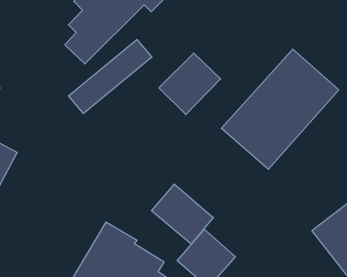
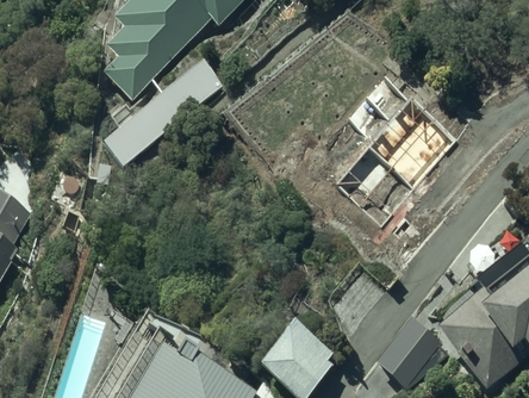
building: [159,53,221,115] -> none
building: [152,184,213,244] -> none
building: none -> [373,307,446,381]

